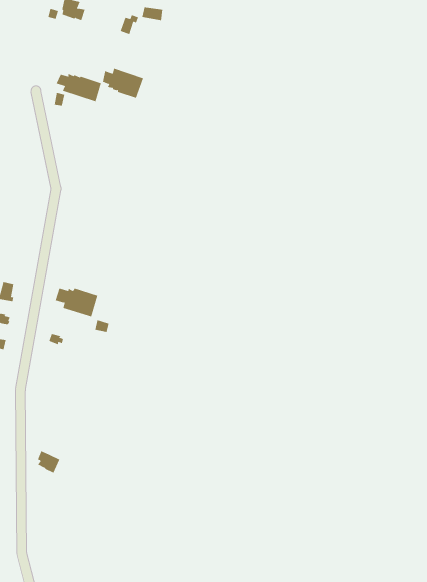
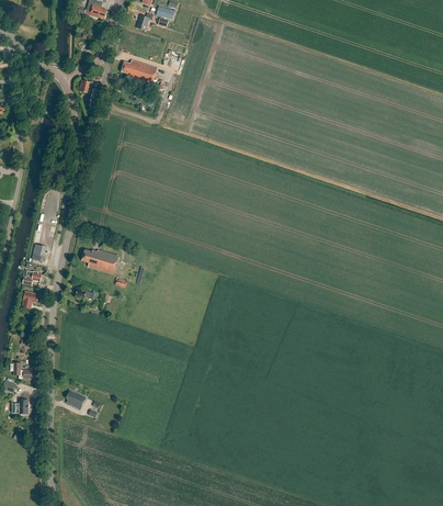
building: [56,73,101,102] -> none

